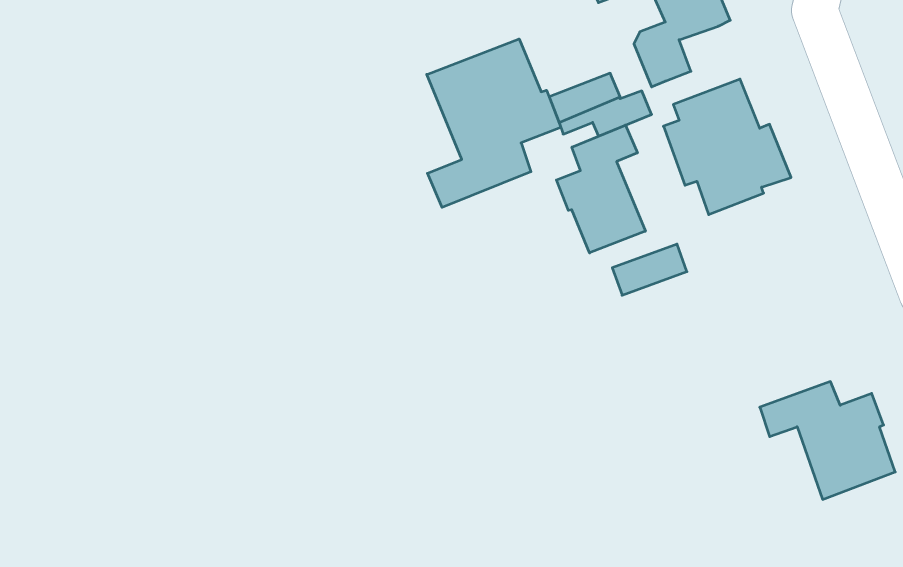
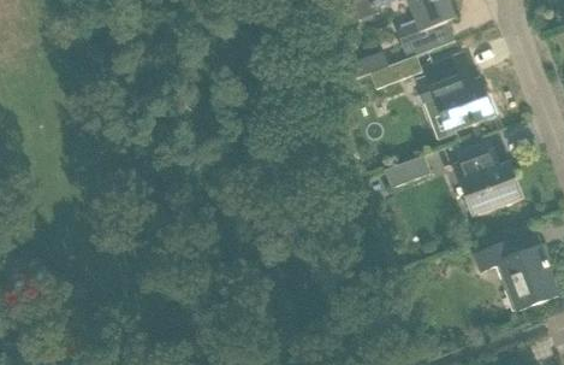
building: [427,39,561,207] -> none
building: [556,125,645,253] -> none
building: none -> [456,147,526,217]

